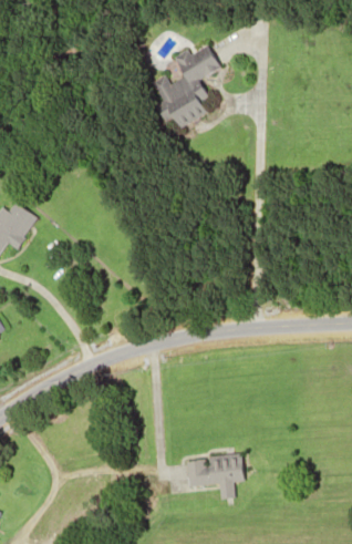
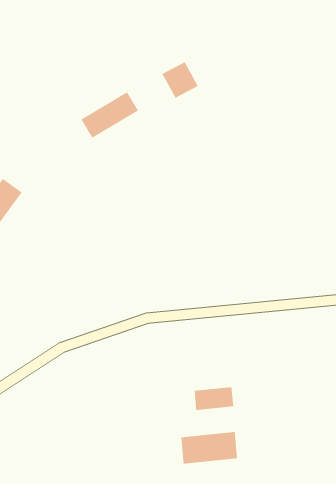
building: [162,49,219,95] -> [81,91,139,139]
building: none -> [194,386,234,411]

